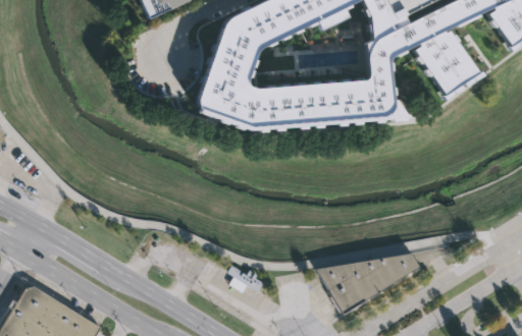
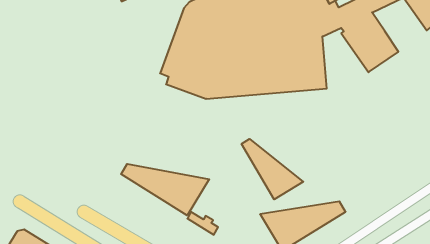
building: none -> [242,139,303,199]
building: none -> [121,164,209,215]

